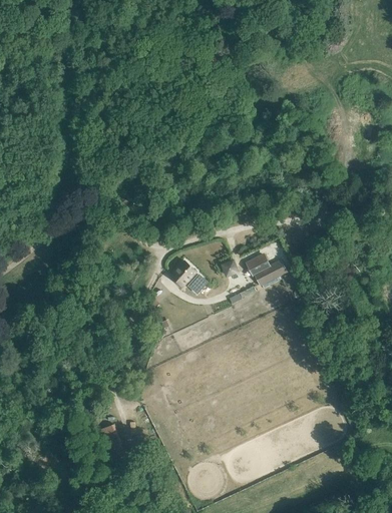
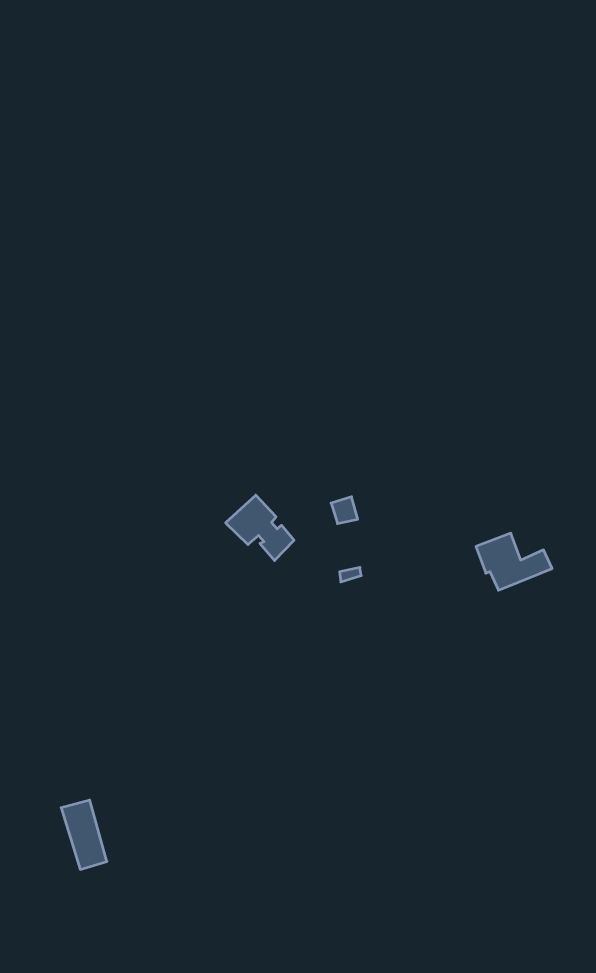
building: [248,253,287,283] -> [476,533,552,590]

